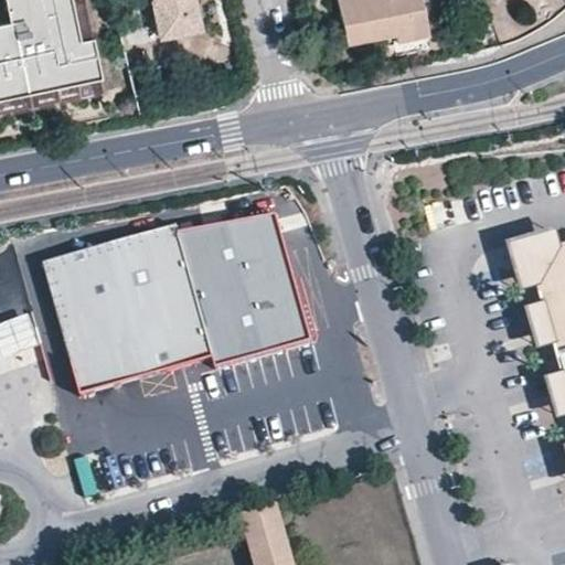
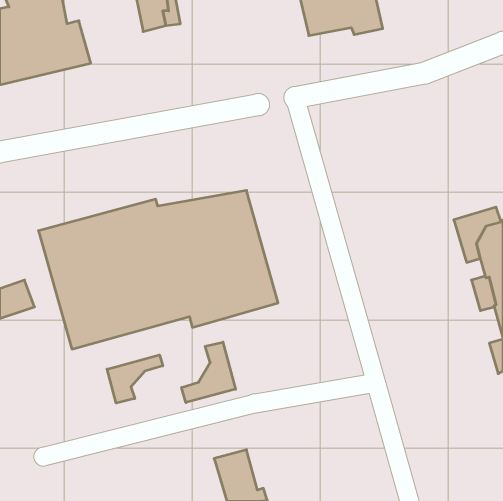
building: none -> [182,342,236,403]
building: none -> [107,355,163,403]

